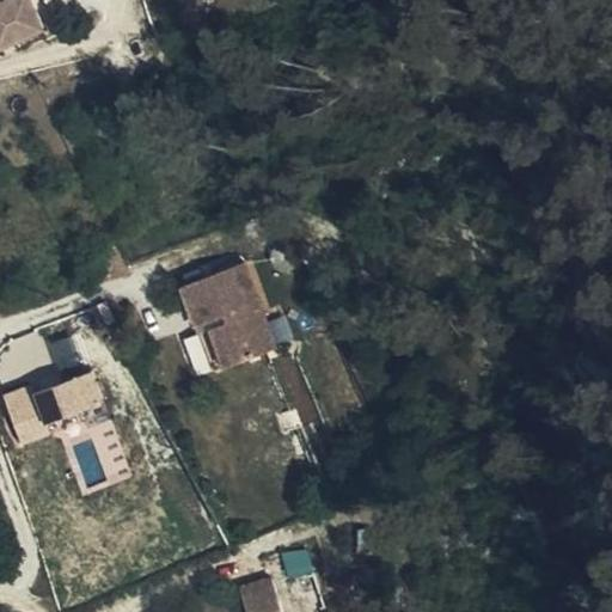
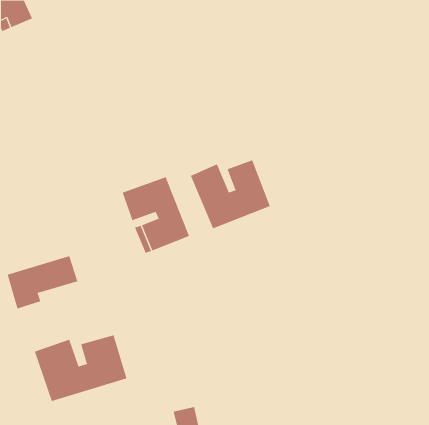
building: none -> [190,160,271,229]
building: none -> [34,334,127,402]

